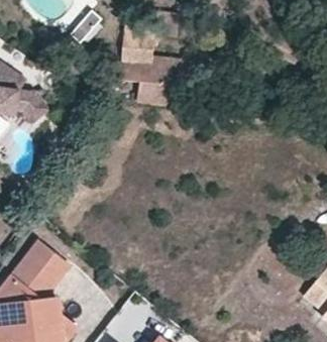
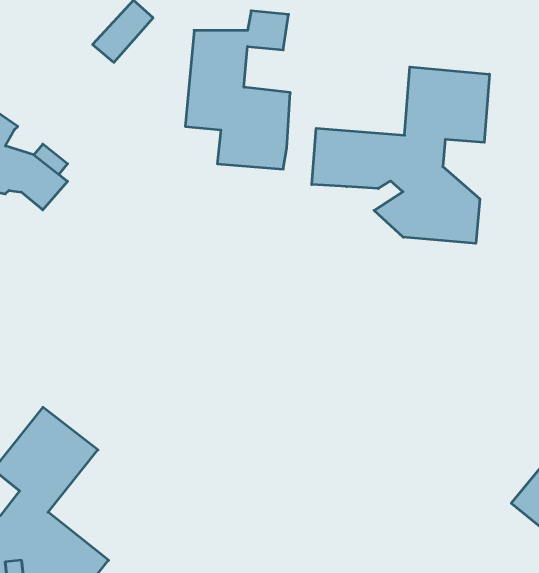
building: none -> [312,67,489,243]

